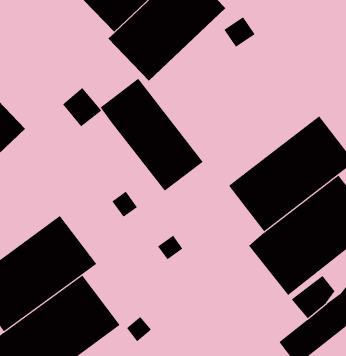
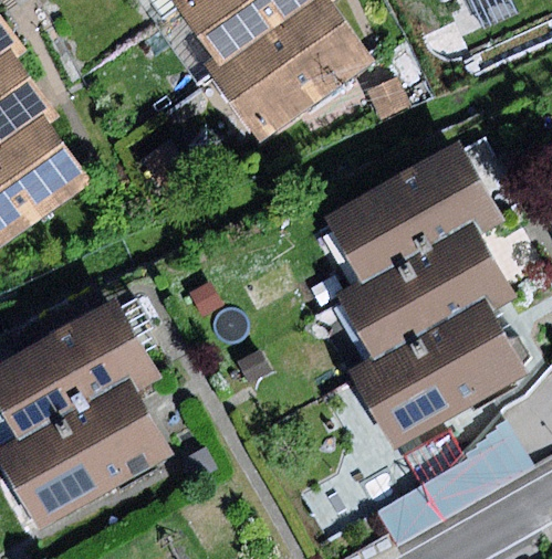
building: none -> [325,144,494,283]
building: [100,78,203,192] -> none

